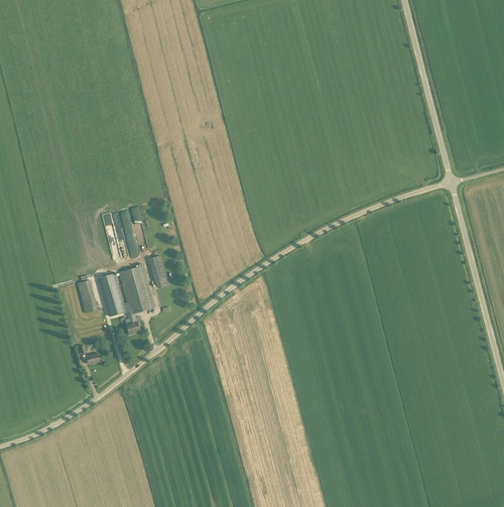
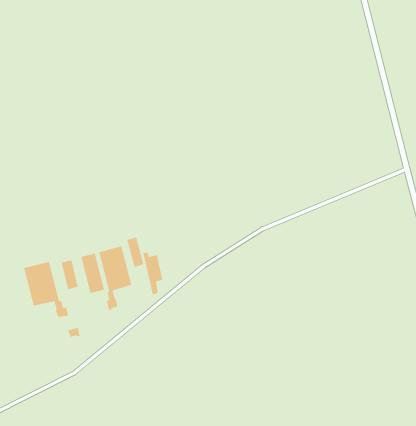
building: [111,211,133,257] -> [143,252,163,295]
building: none -> [23,261,69,318]

